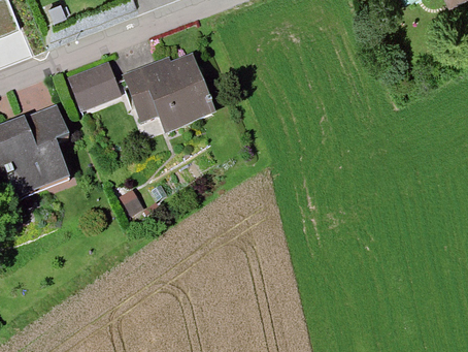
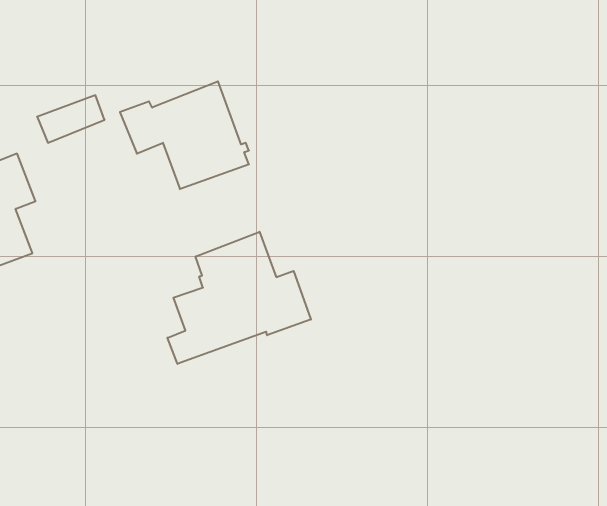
building: none -> [167,232,311,364]

